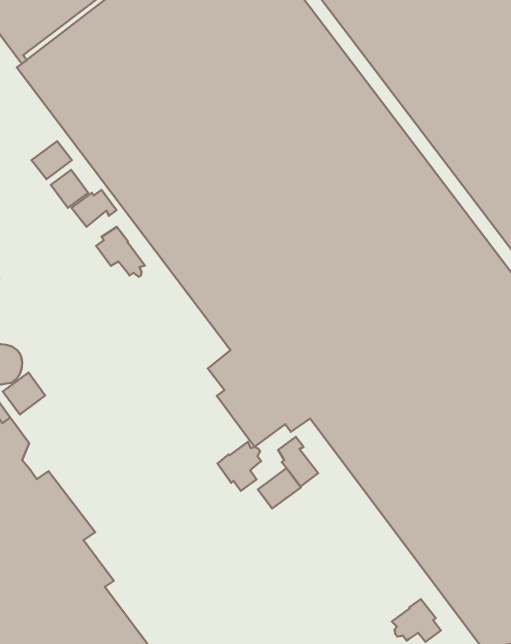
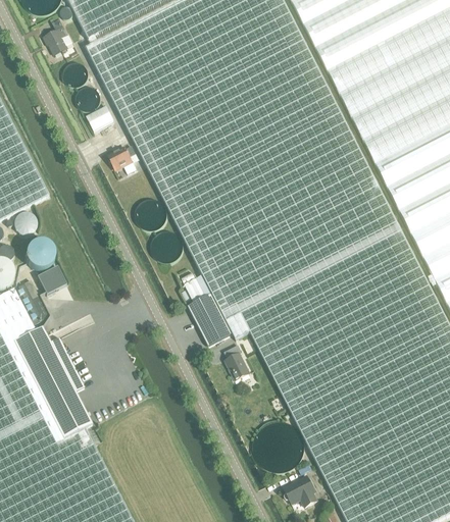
building: [51,170,88,208] -> none
building: [96,227,145,277] -> none
building: [218,442,261,491] -> none
building: [258,468,301,509] -> none

